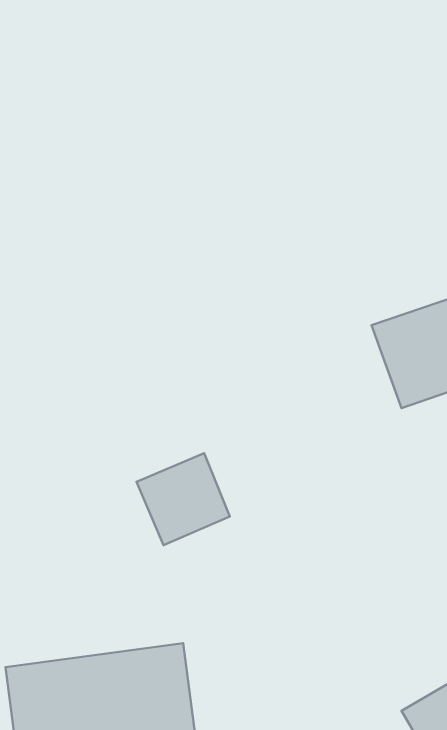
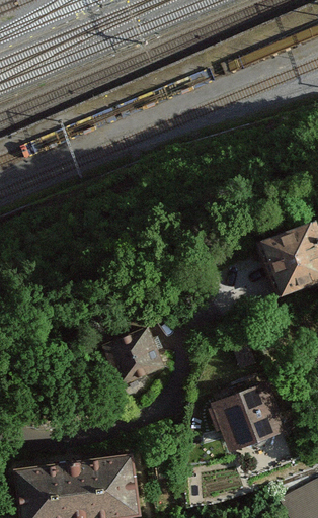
building: none -> [215,376,288,455]

